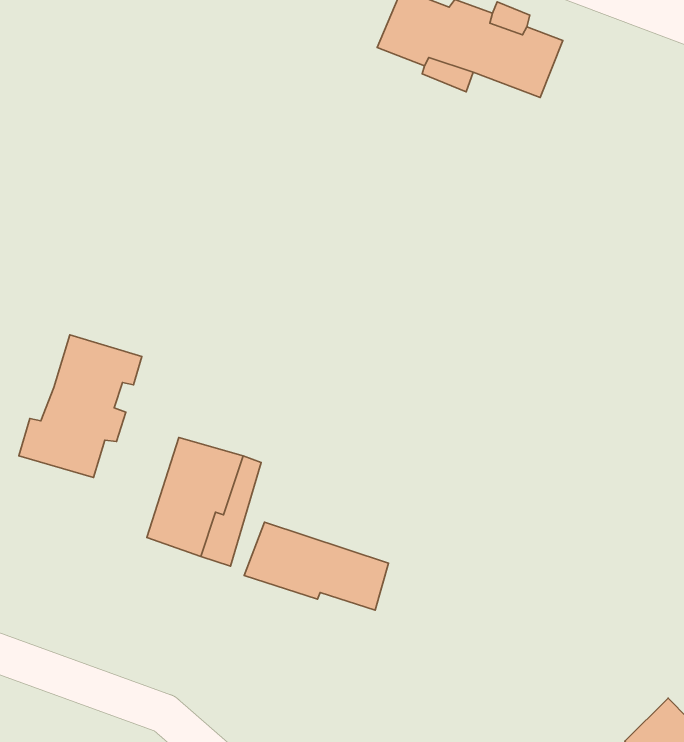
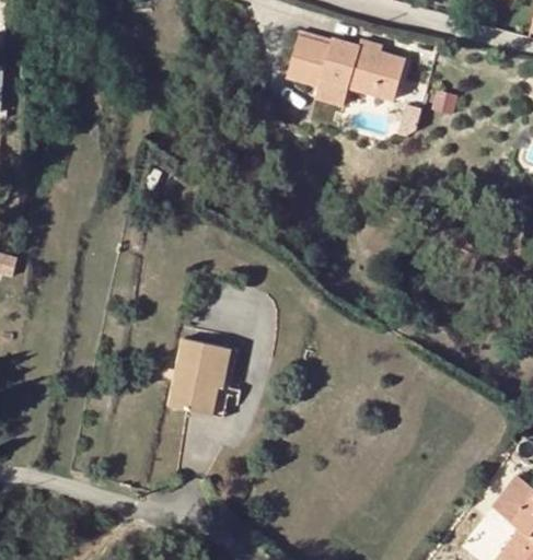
building: [19,335,142,478] -> none
building: [244,522,389,610] -> none

